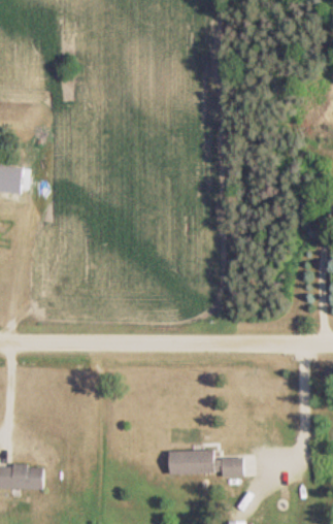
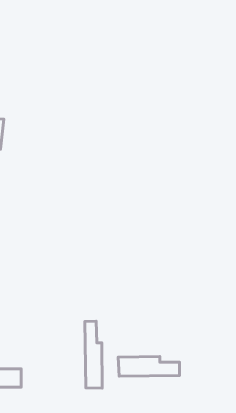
building: none -> [85,321,102,388]

